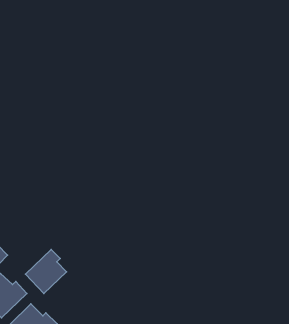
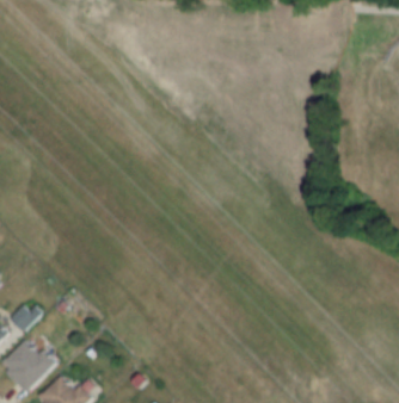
building: [25,249,67,294] -> none

